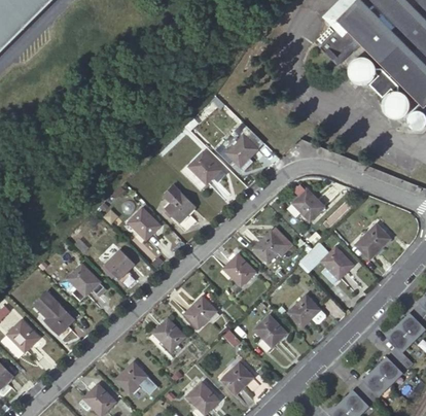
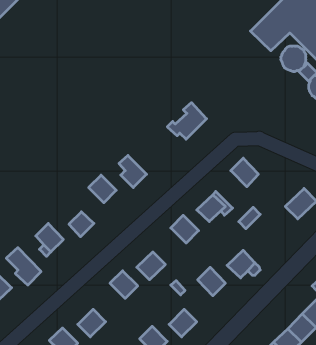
building: [189,152,225,184] -> none
building: [321,247,354,279] -> none

